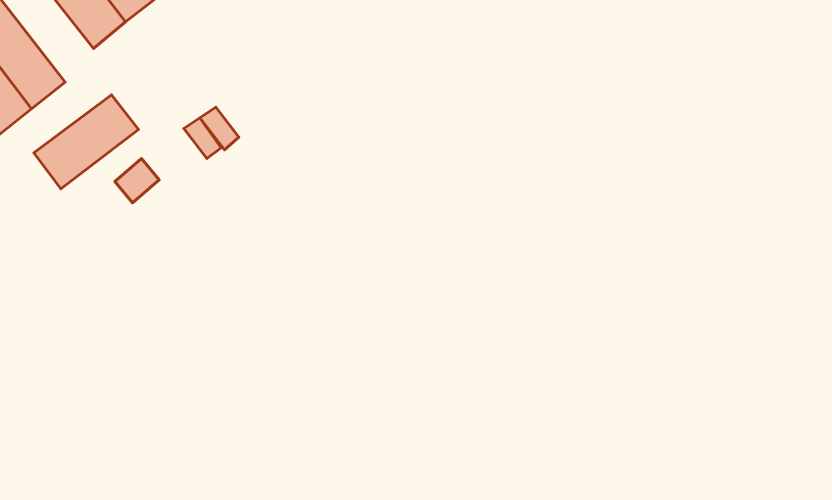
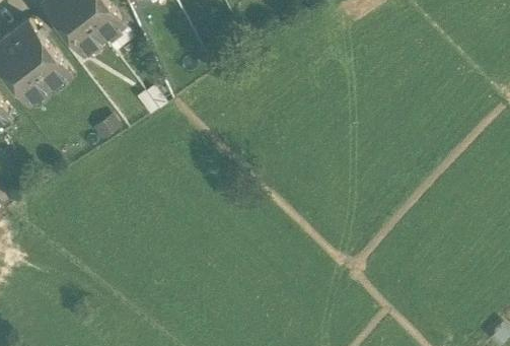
building: [34,95,139,189] -> none

